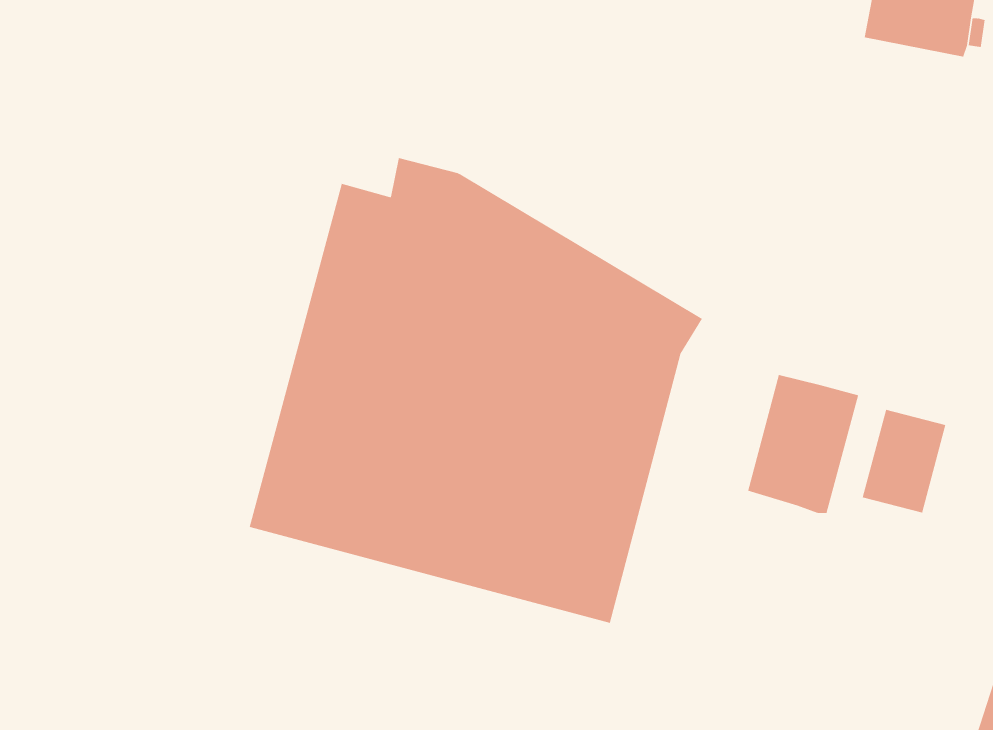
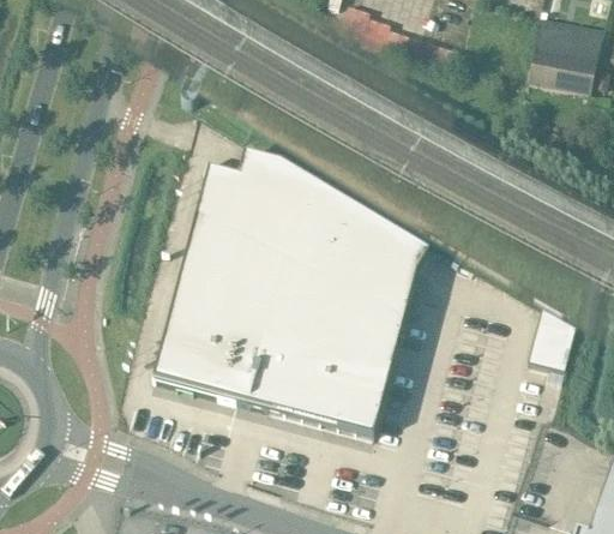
building: [747,374,859,514] -> none

